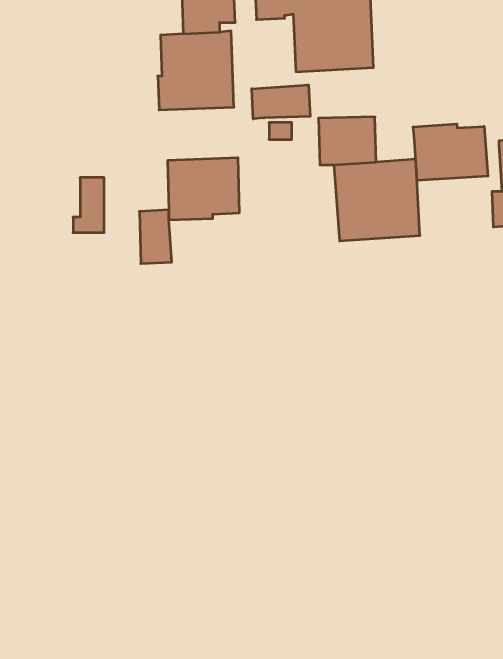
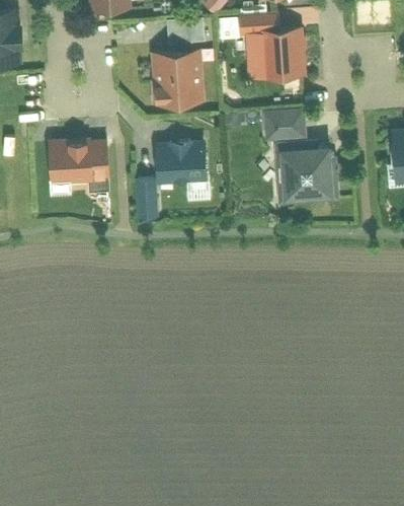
building: [252,85,310,119] -> none
building: [413,124,488,181] -> none
building: none -> [49,139,93,183]

